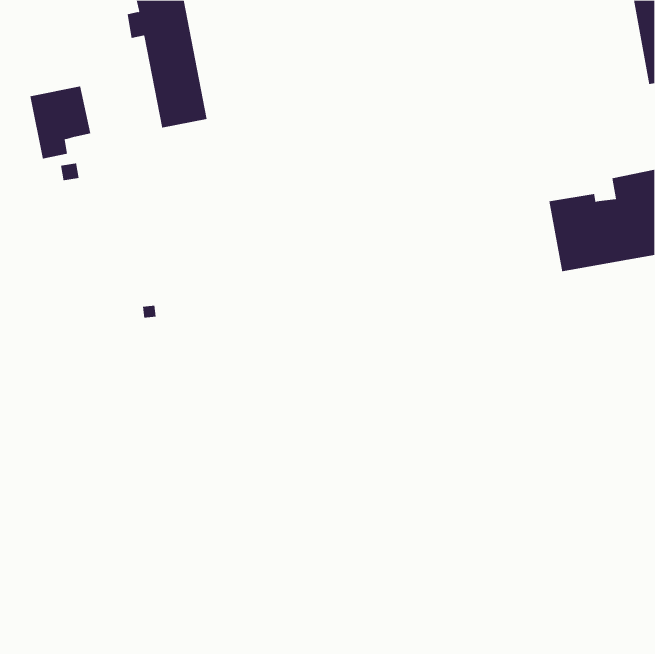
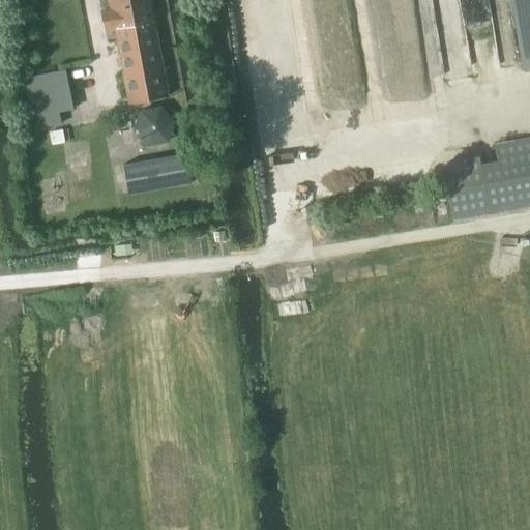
building: none -> [134,106,176,147]
building: none -> [123,153,194,195]

